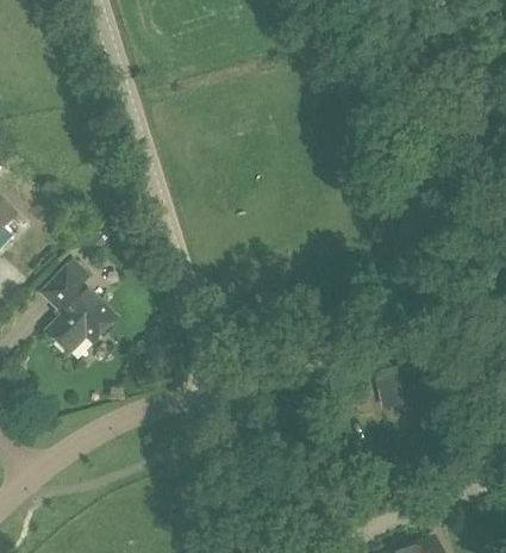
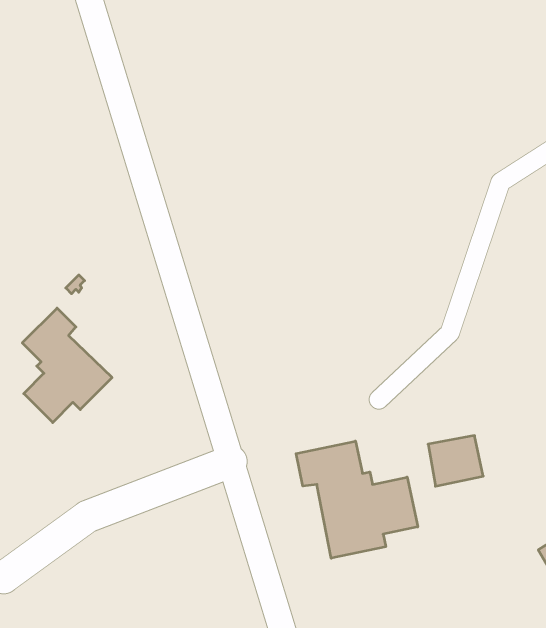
building: none -> [296,441,418,558]

